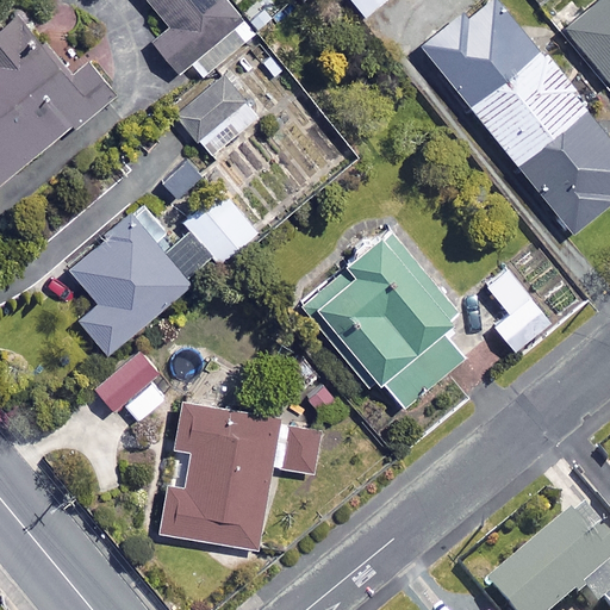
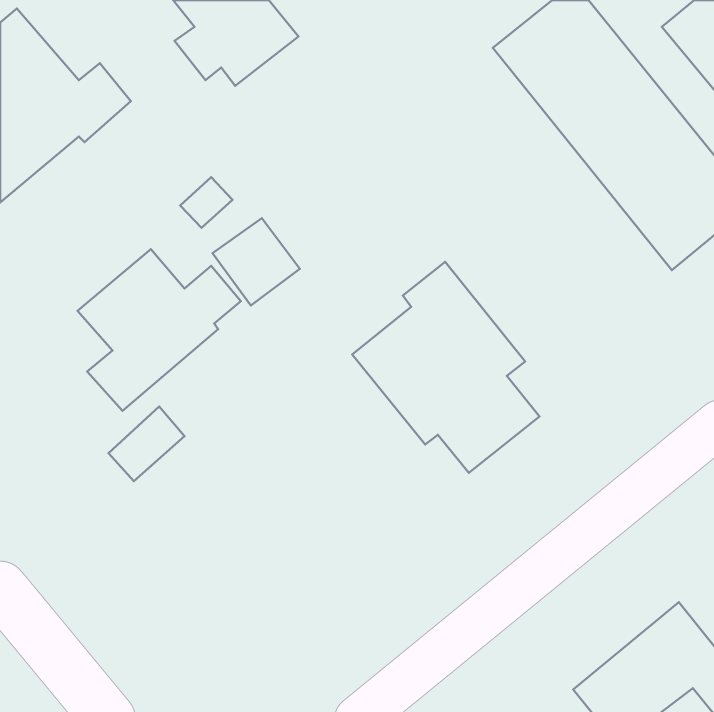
building: [175,75,260,158] -> none
building: [487,272,553,355] -> none
building: [161,400,322,552] -> none

